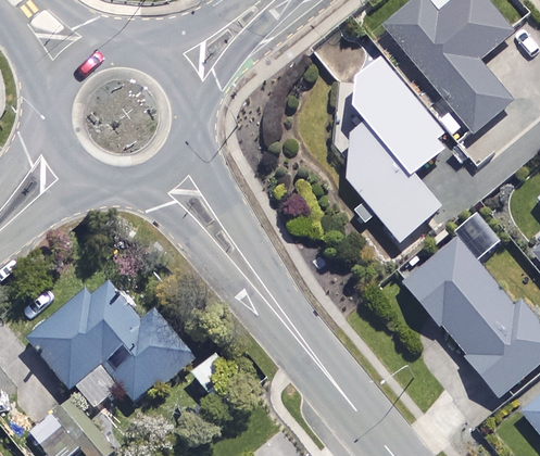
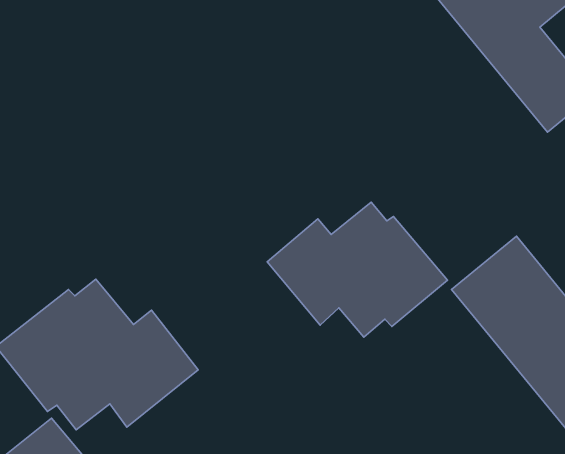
building: [335,62,452,244] -> none
building: none -> [267,202,447,337]

